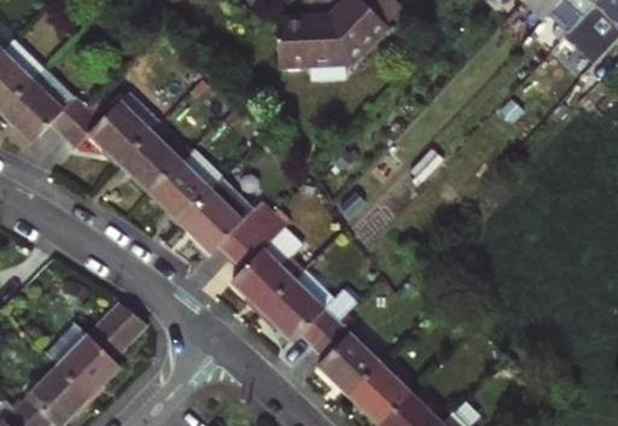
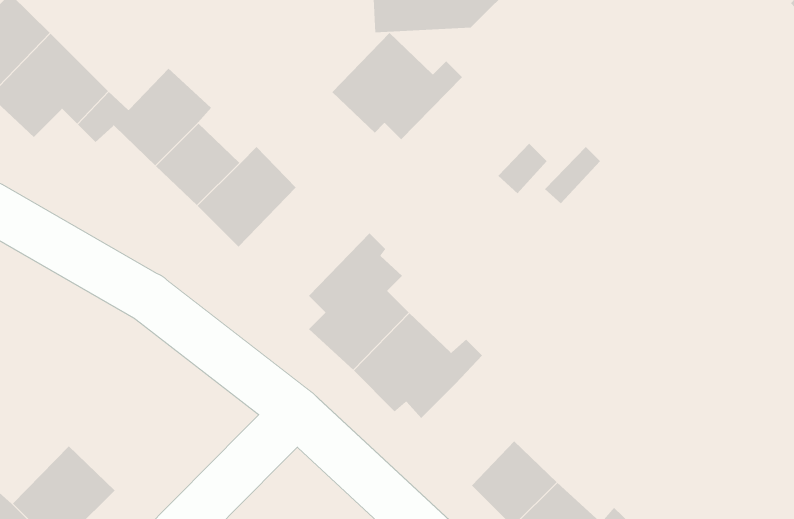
building: [180,179,275,257] -> [331,32,463,140]
building: [45,300,148,398] -> none
building: [313,321,380,395] -> none

